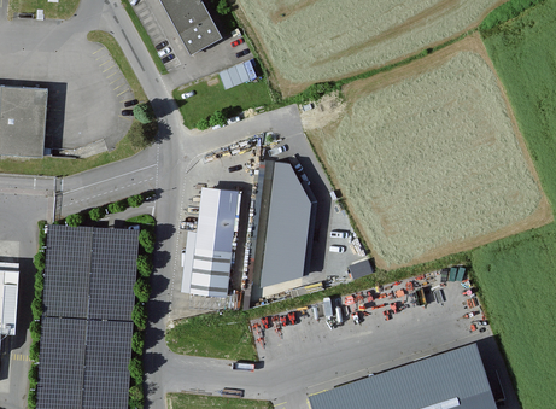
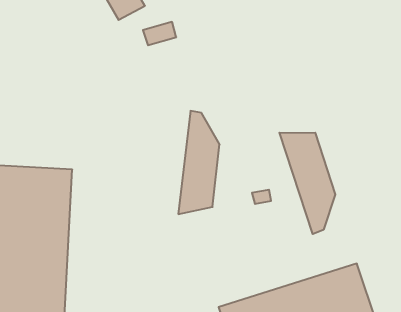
building: [191,188,238,296] -> none
building: none -> [279,133,335,234]

